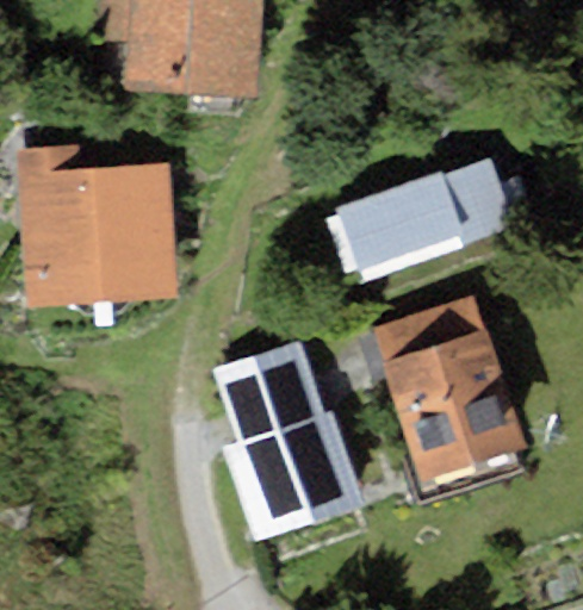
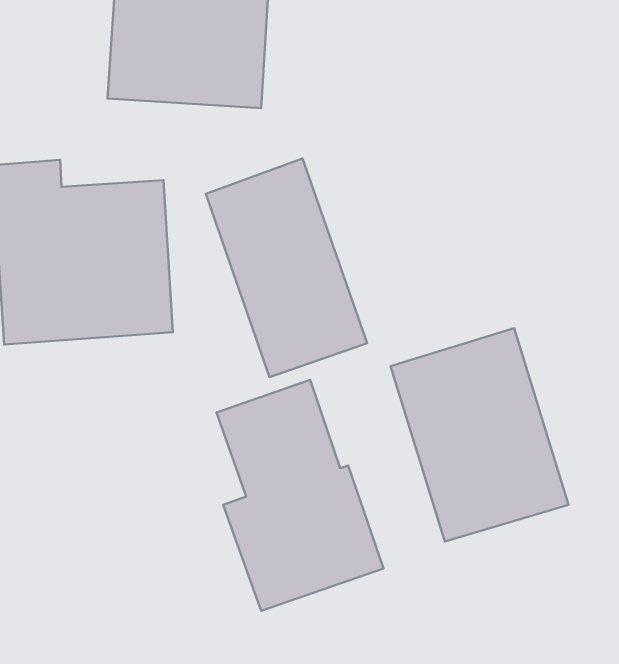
building: none -> [206,159,367,377]
building: [336,160,515,272] -> none

